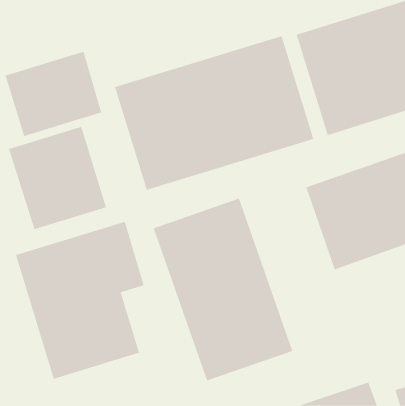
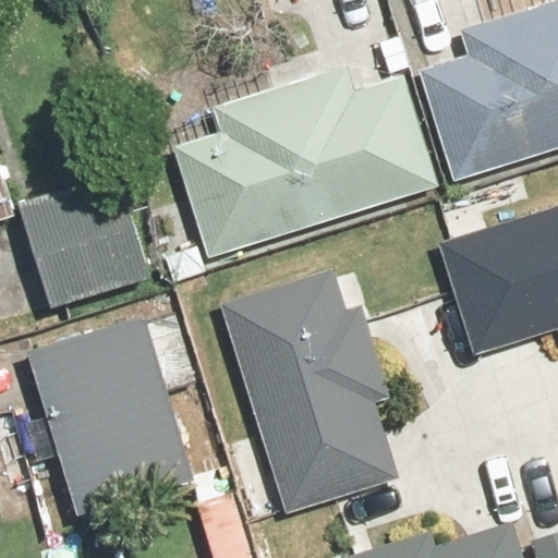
building: [5,51,102,137] -> none

